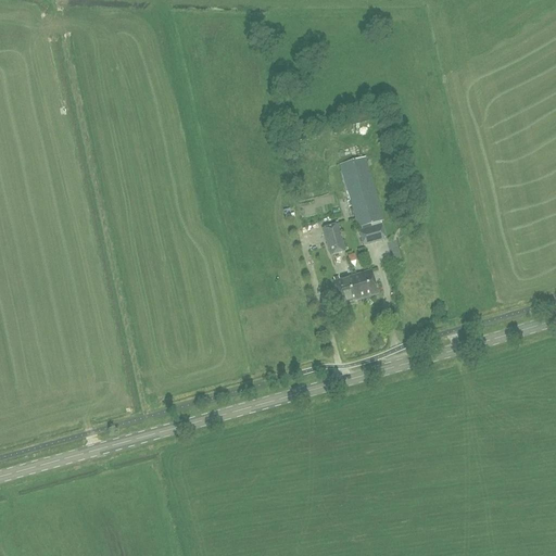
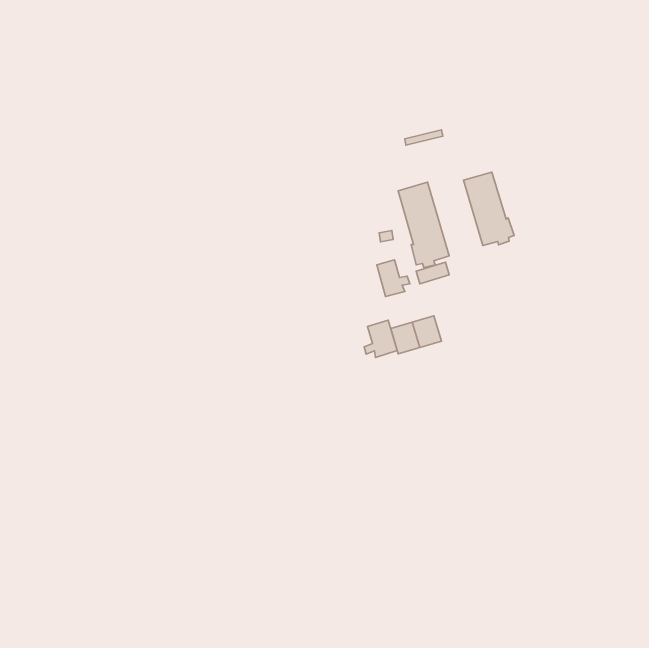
building: none -> [464,172,514,245]
building: none -> [364,320,397,357]

